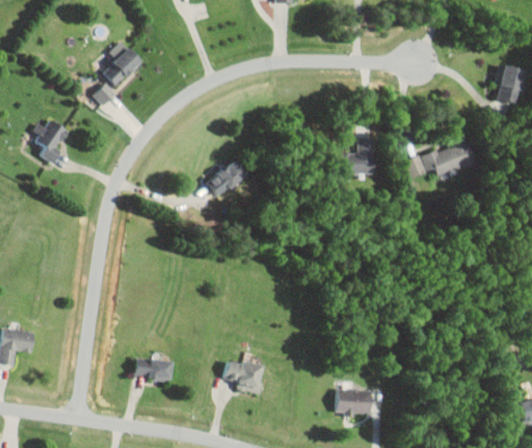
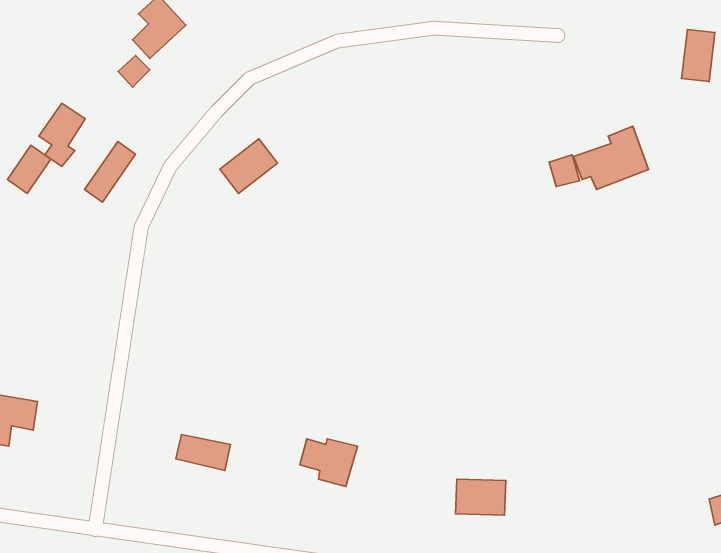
building: [345,137,375,175] -> none
building: none -> [85,141,136,202]
building: none -> [7,145,51,193]
building: [207,159,248,199] -> [220,139,277,194]

